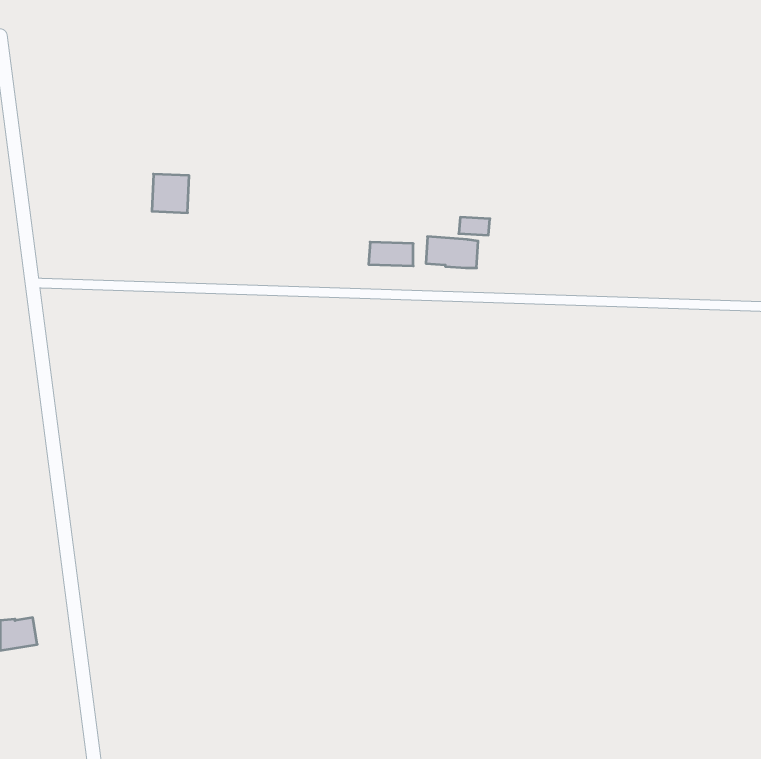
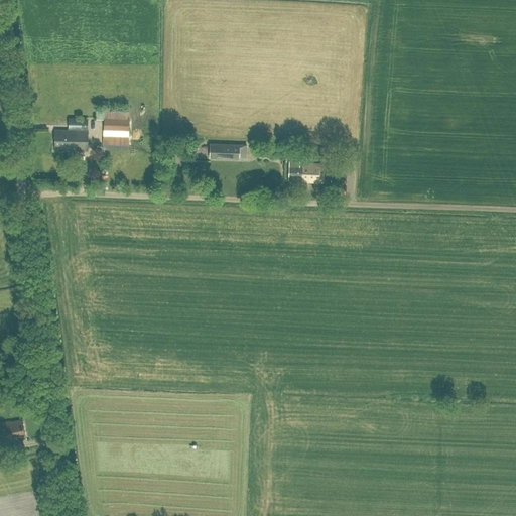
building: none -> [54,128,87,149]
building: [369,242,413,266] -> [209,142,239,158]

